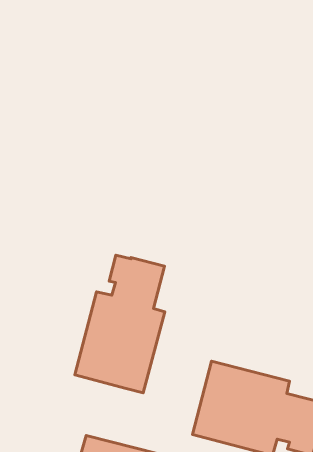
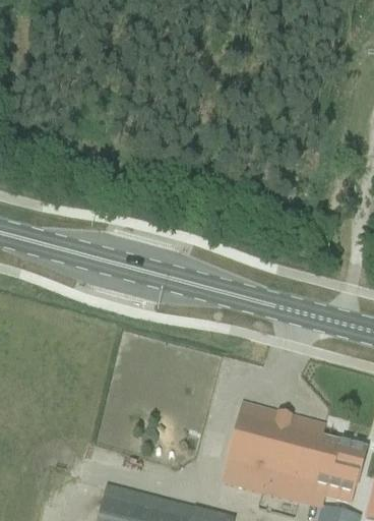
building: [75,255,165,393] -> none

